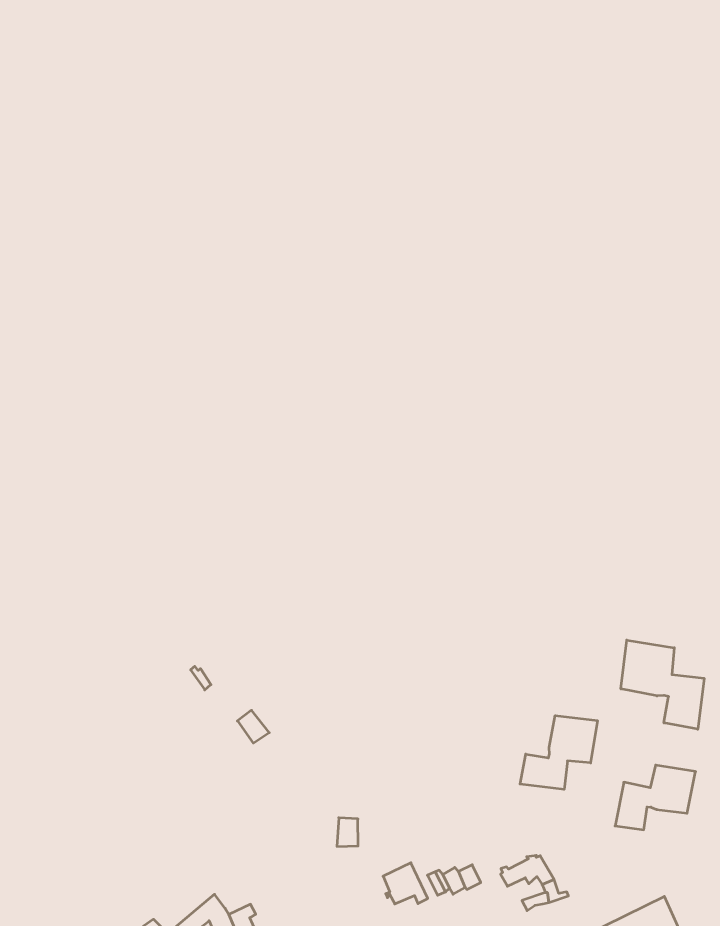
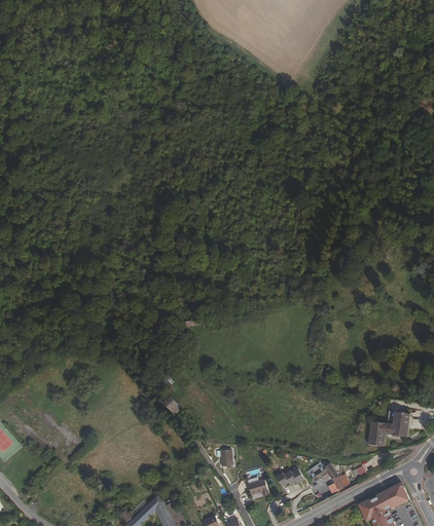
building: [621,640,704,729] -> none
building: [520,716,597,789] -> none

